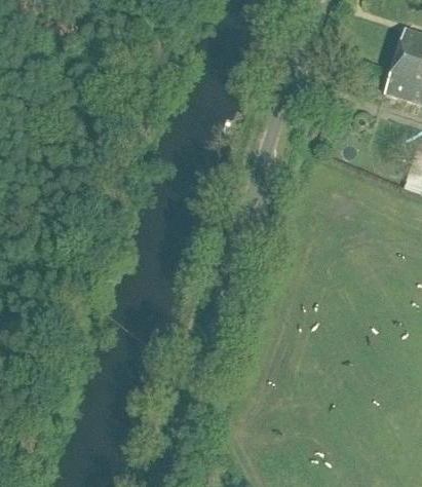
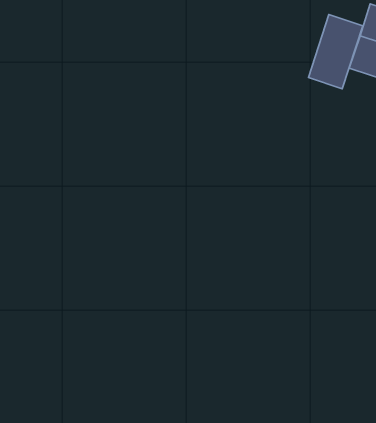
building: none -> [308,14,363,89]

